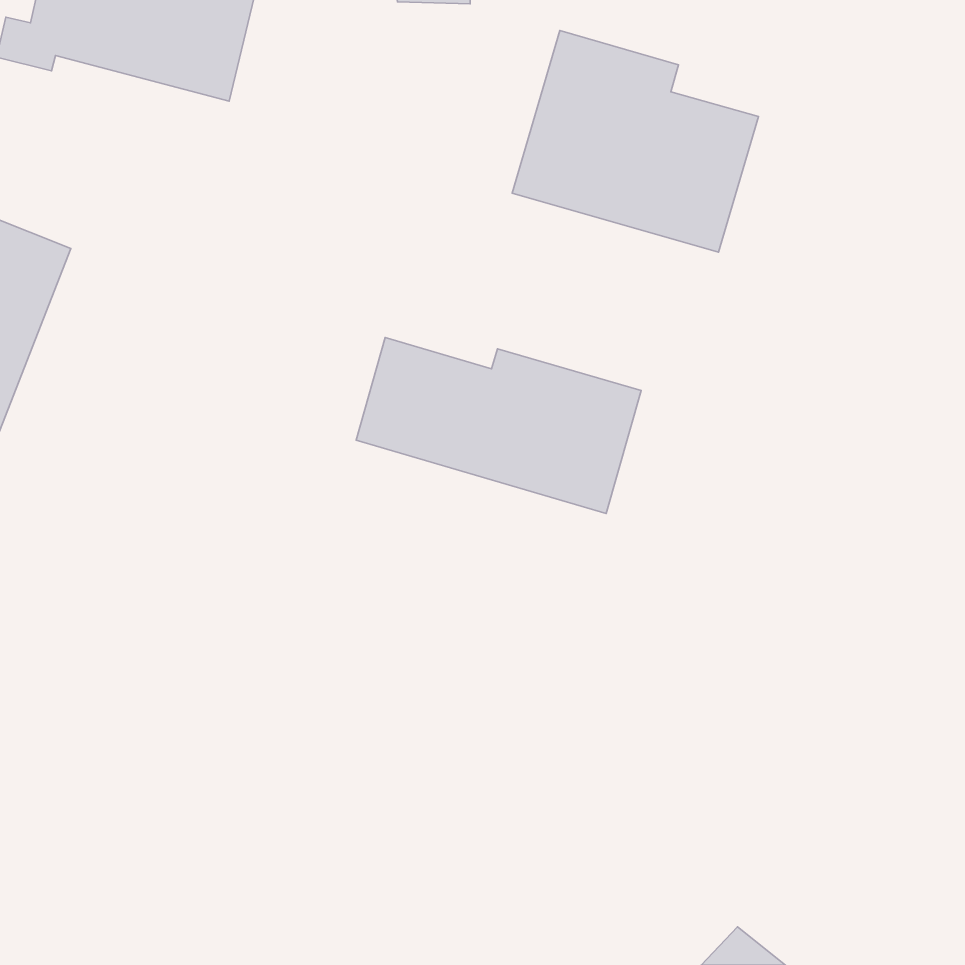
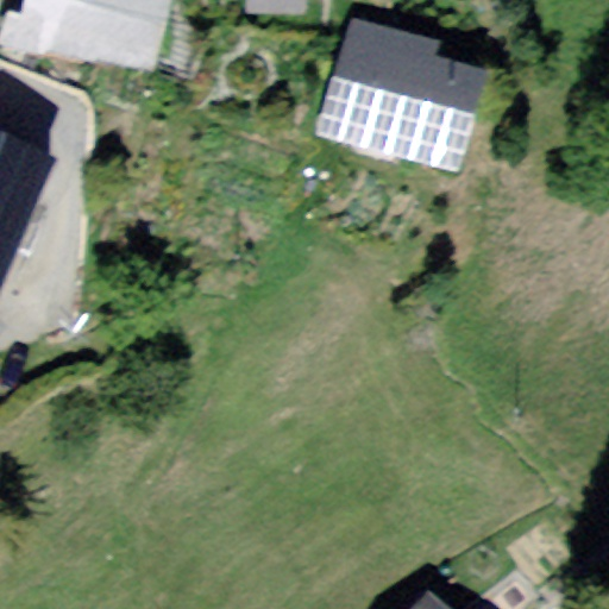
building: [356,337,641,513] -> none

